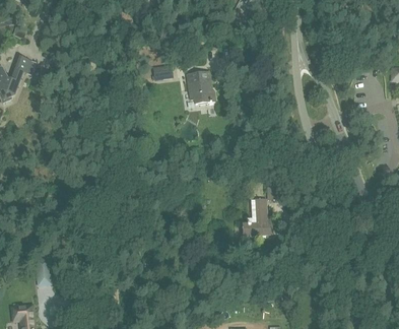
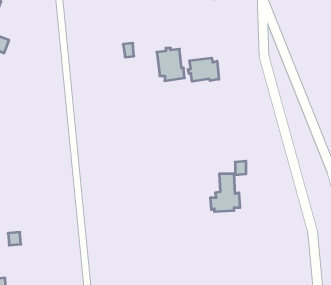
building: none -> [188,58,219,81]

